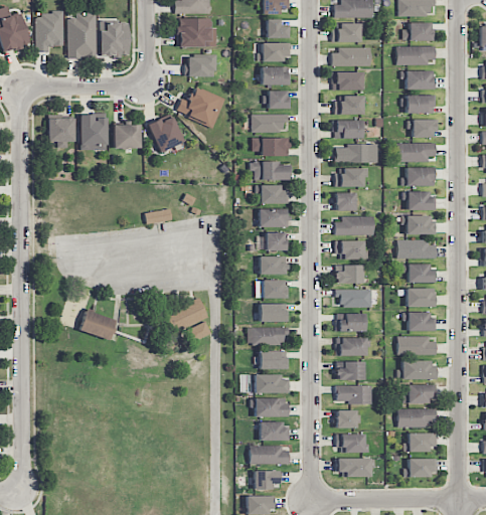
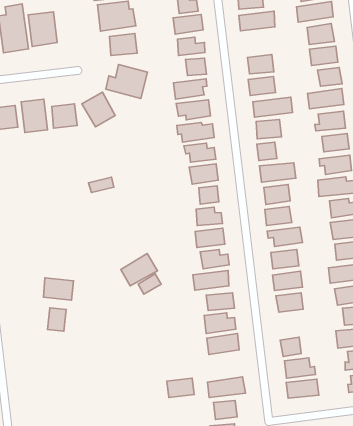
building: [332,71,363,90] -> none
building: none -> [48,308,66,331]
building: [336,385,372,403] -> none
building: [260,422,288,441] -> [167,378,194,398]

